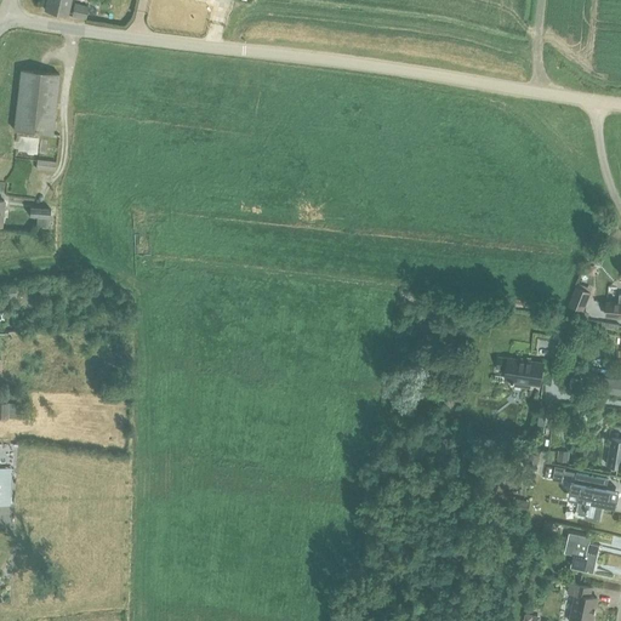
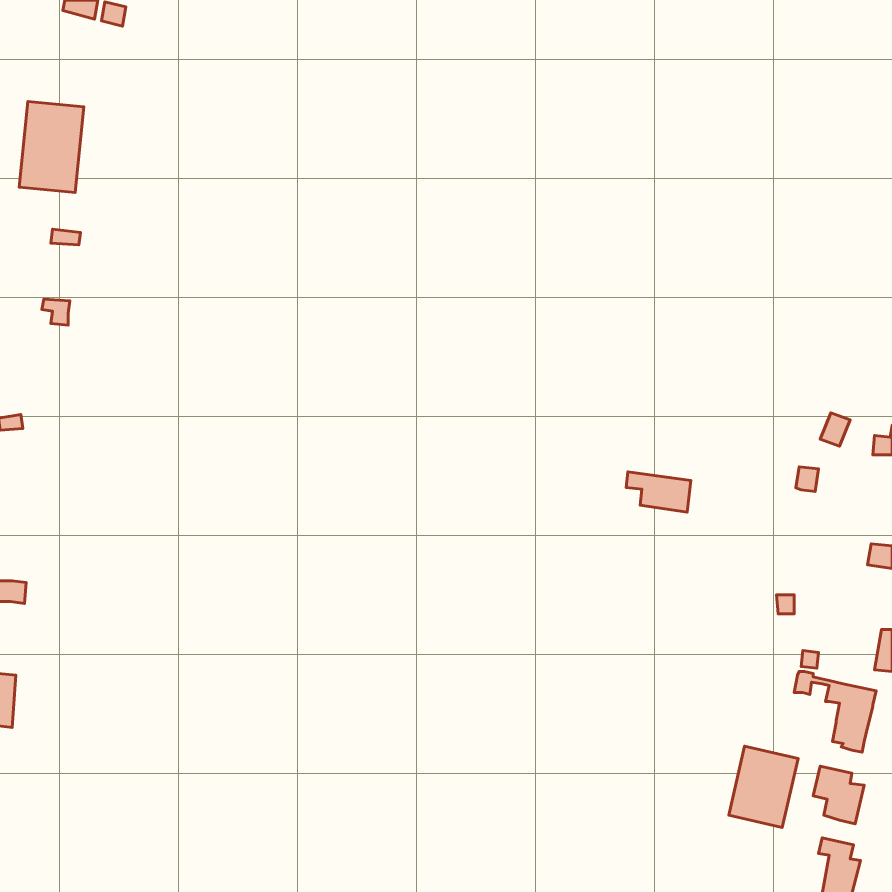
building: [497,360,542,388] -> [626,472,691,512]
building: none -> [729,746,798,828]

